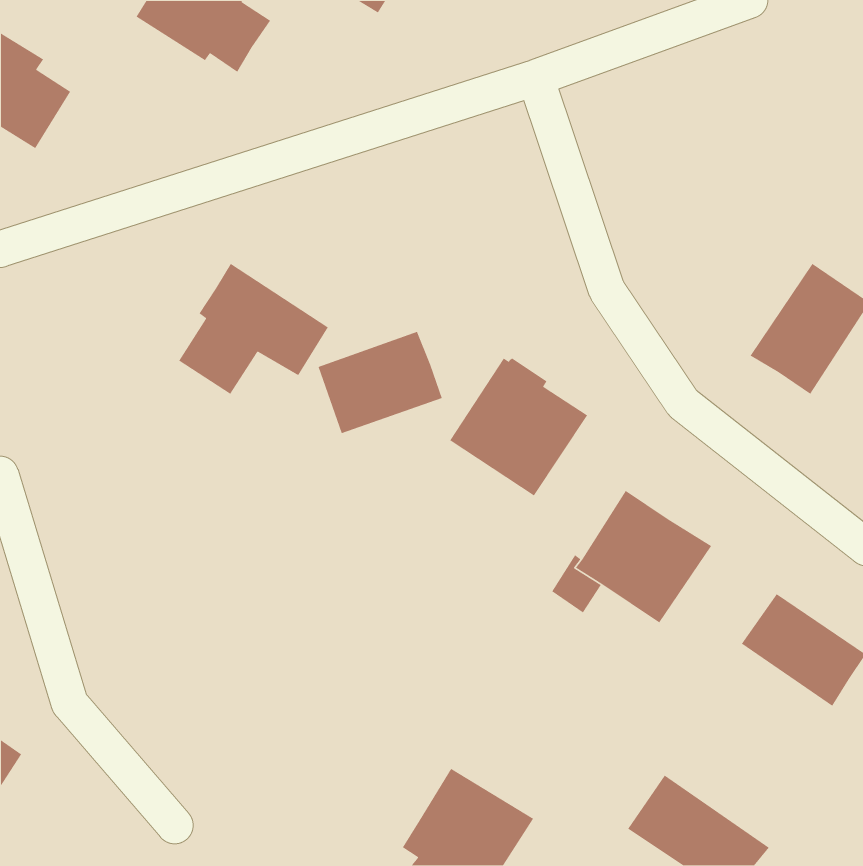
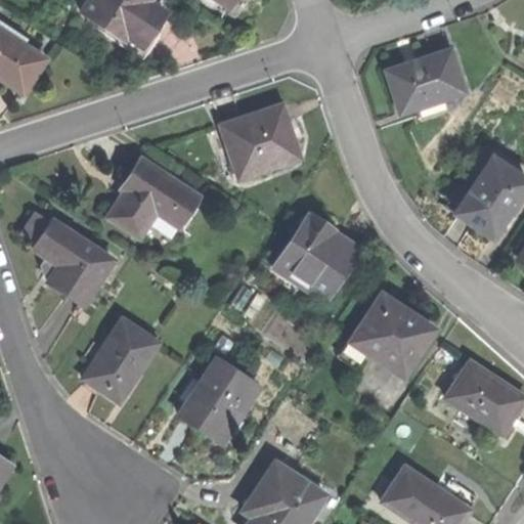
building: none -> [386,50,461,111]
building: [317,331,443,434] -> [223,104,299,167]
building: none -> [35,222,112,305]
building: none -> [84,320,159,403]
building: none -> [182,360,259,438]

